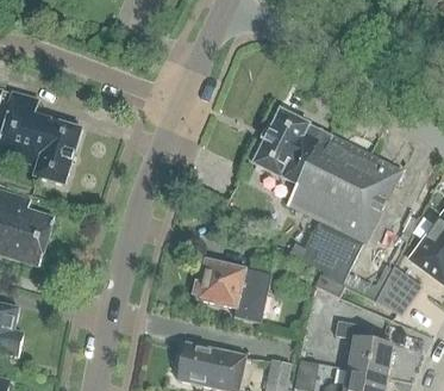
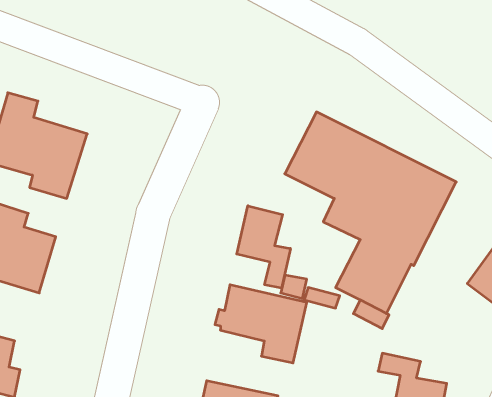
building: none -> [237,206,290,288]
building: [375,266,421,315] -> none

